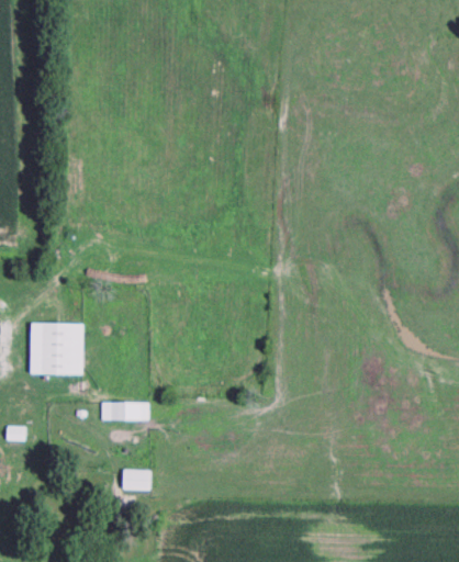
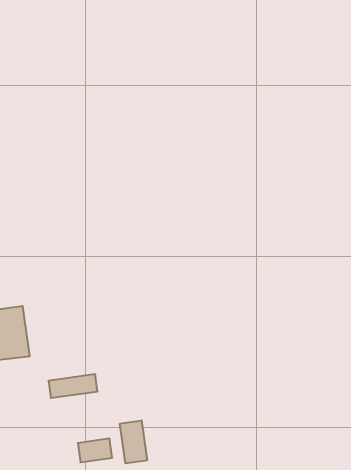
building: none -> [120,420,147,463]

